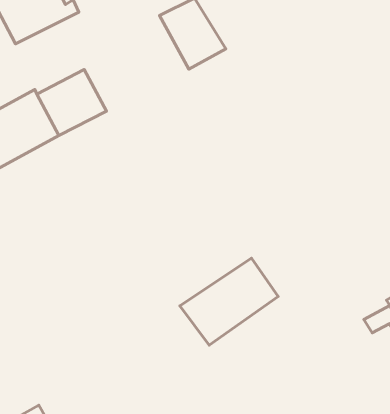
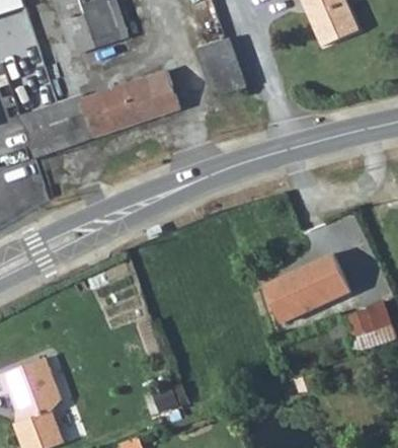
building: none -> [126,69,181,122]
building: [180,258,278,345] -> [266,255,349,322]

